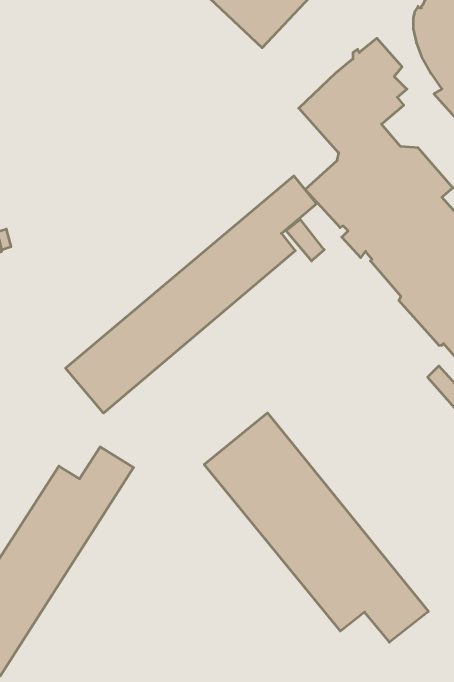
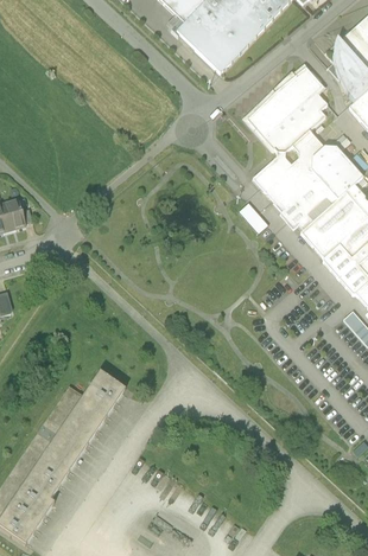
building: [66,176,316,413] -> none
building: [204,413,428,642] -> none

